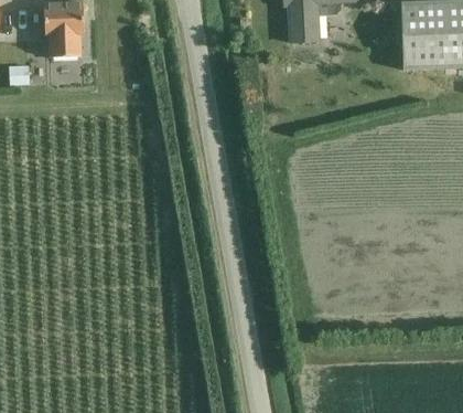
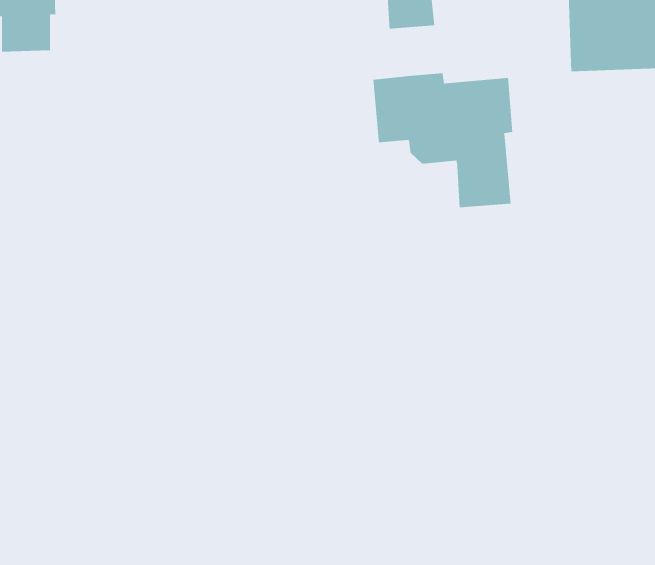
building: none -> [373,72,513,208]

